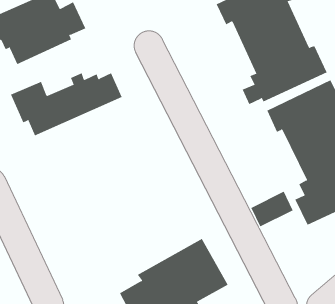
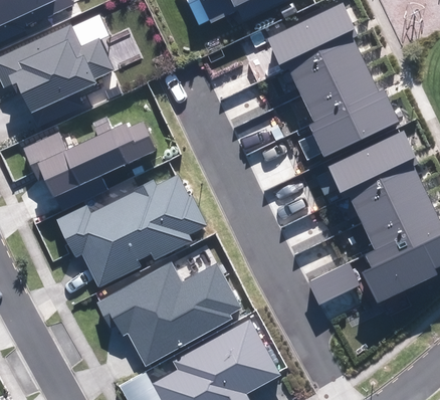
building: none -> [54,174,207,287]
building: none -> [95,263,240,365]

